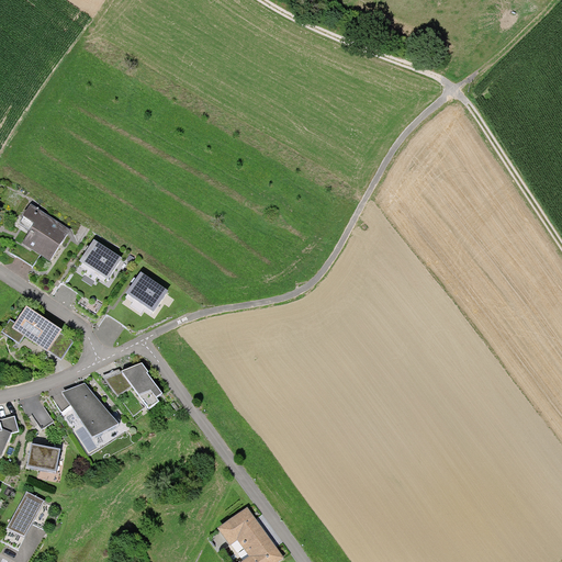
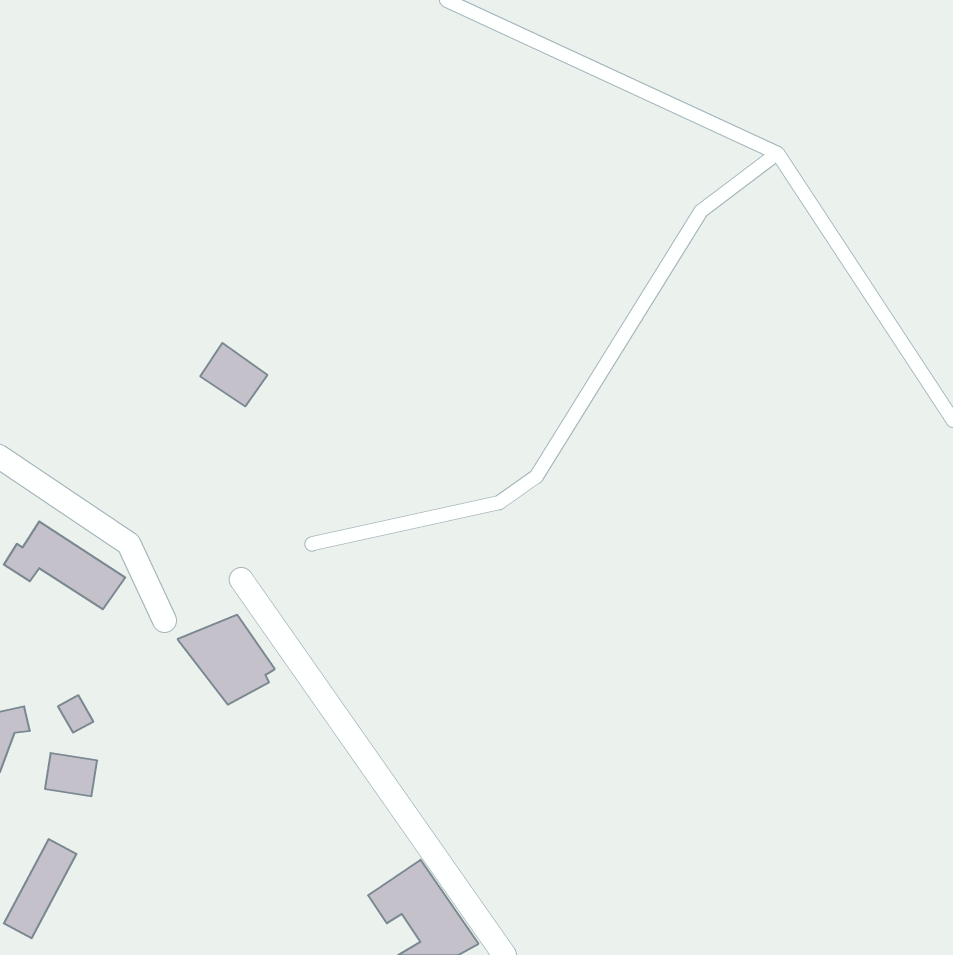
building: [19,205,68,258] -> none
building: [80,241,120,279] -> [200,343,267,406]
building: [128,276,168,313] -> none
building: [61,384,119,438] -> none

